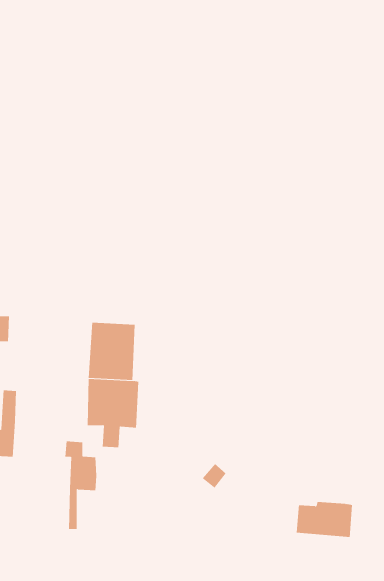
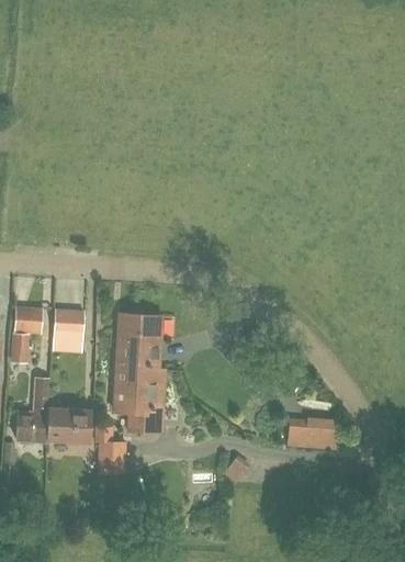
building: none -> [53,311,82,335]
building: none -> [45,407,90,443]
building: [296,501,353,537] -> [286,416,340,450]

